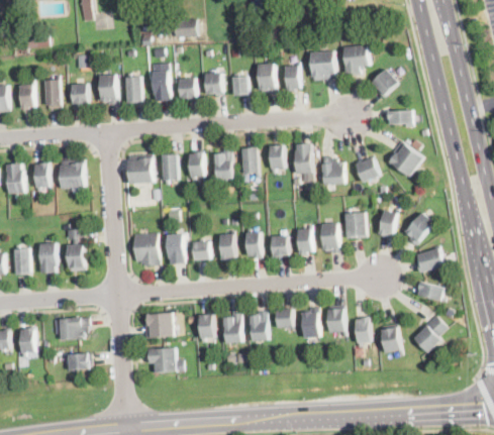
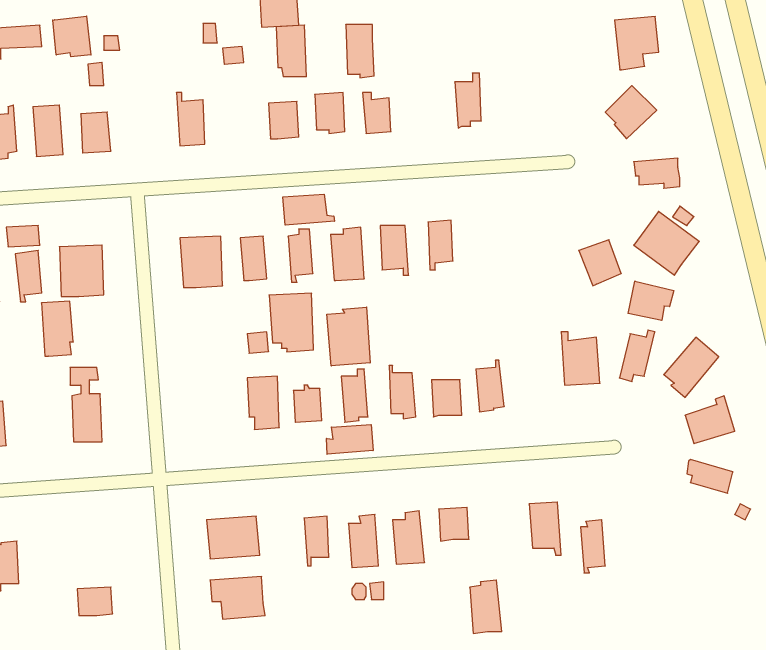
building: none -> [53,16,91,57]
building: [343,45,369,76] -> [615,17,659,70]
building: [310,50,335,80] -> none
building: [259,64,275,94] -> [346,25,374,78]
building: [153,71,170,100] -> [276,25,306,77]
building: [100,75,117,104] -> none
building: none -> [283,194,334,225]
building: [295,143,312,175] -> none
building: [322,156,344,185] -> none
building: none -> [628,281,674,320]
building: none -> [327,307,370,366]
building: [322,223,339,252] -> none
building: [133,233,159,266] -> [269,293,313,352]
building: [39,242,58,274] -> [41,301,73,356]
building: none -> [327,425,373,454]
building: [302,308,320,338] -> [470,580,502,633]
building: [413,315,448,353] -> none
building: [61,317,89,340] -> none
building: [381,324,403,355] -> none

